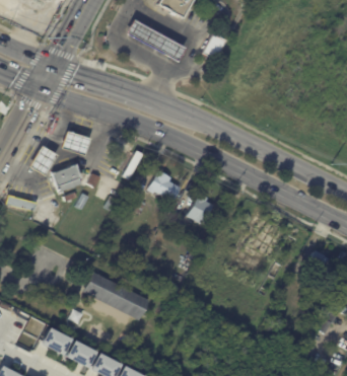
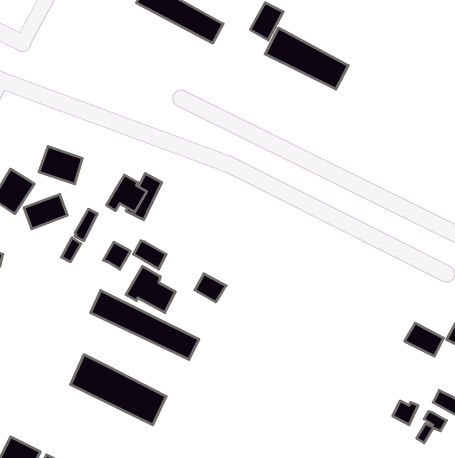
building: none -> [265,28,348,89]
building: [149,169,183,201] -> [126,266,175,313]
building: [188,192,214,223] -> none
building: none -> [91,290,199,360]

